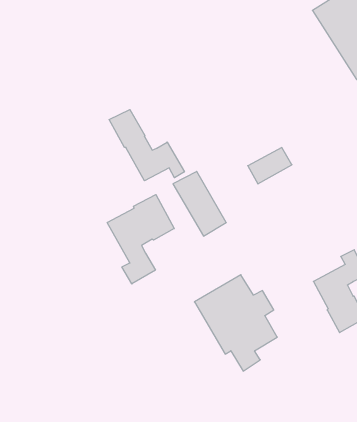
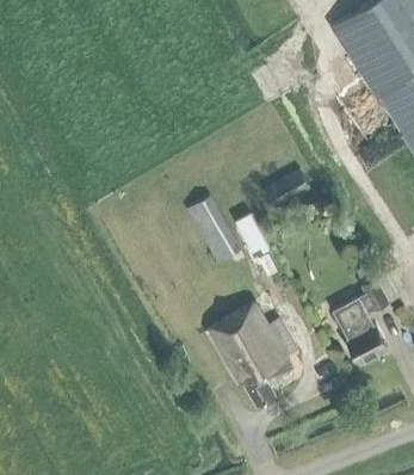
building: [109,110,184,181] -> none
building: [107,195,174,284] -> none

